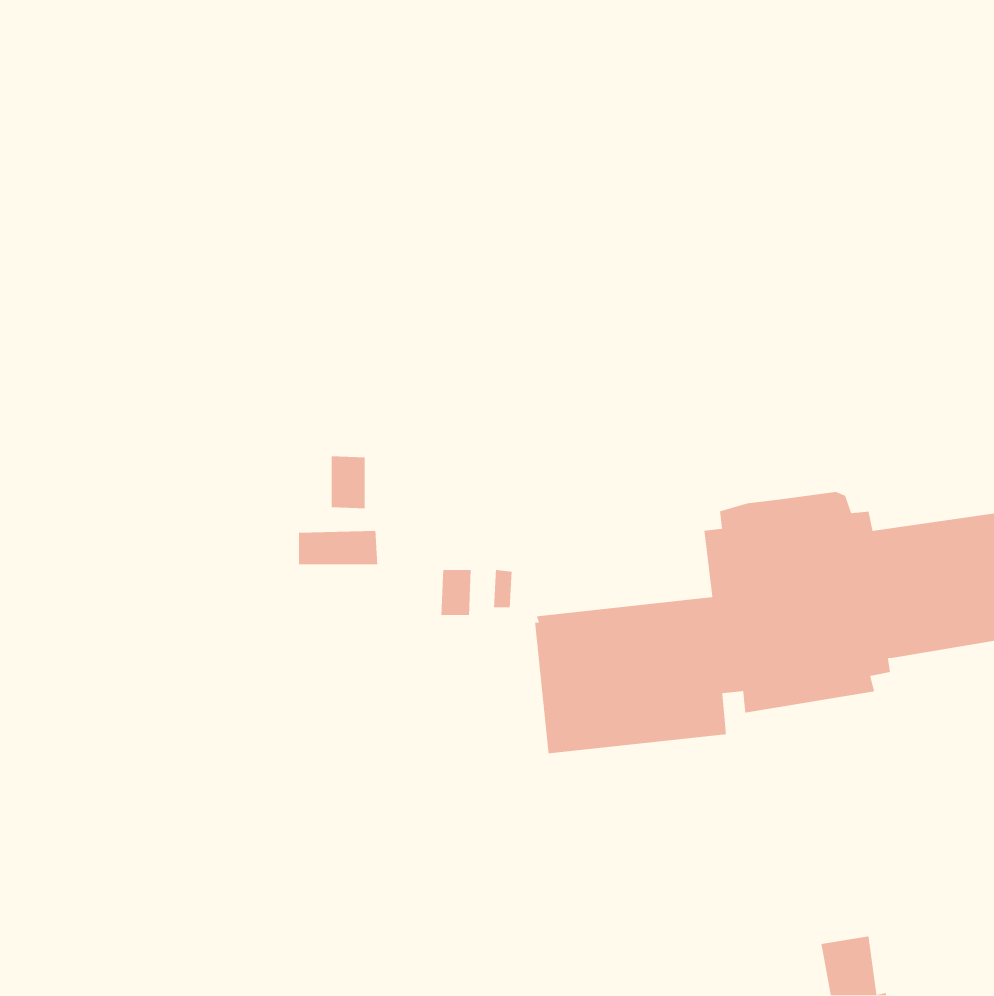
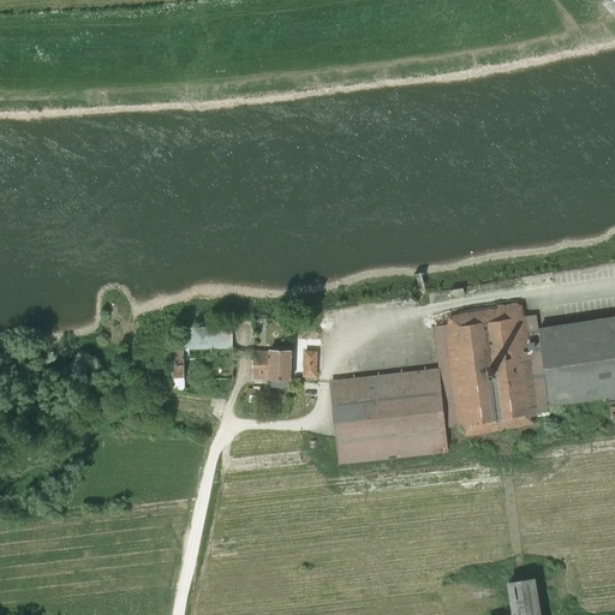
building: [331,455,366,509] -> none
building: none -> [253,351,274,380]

